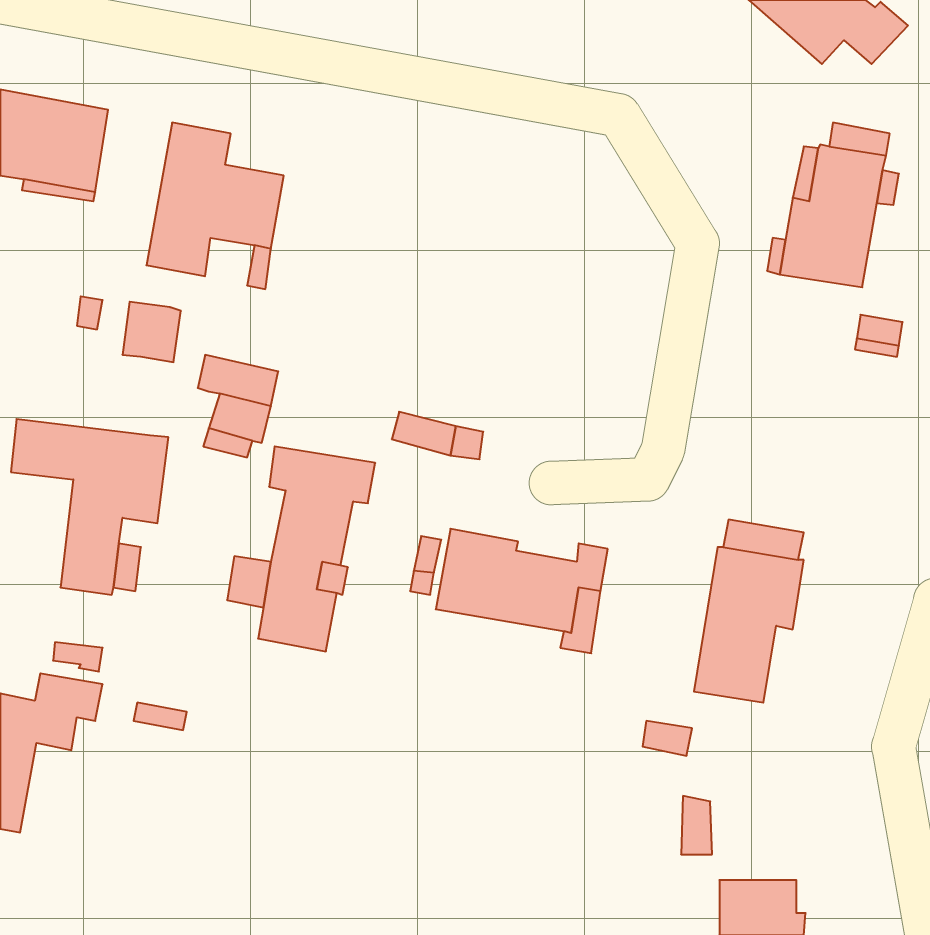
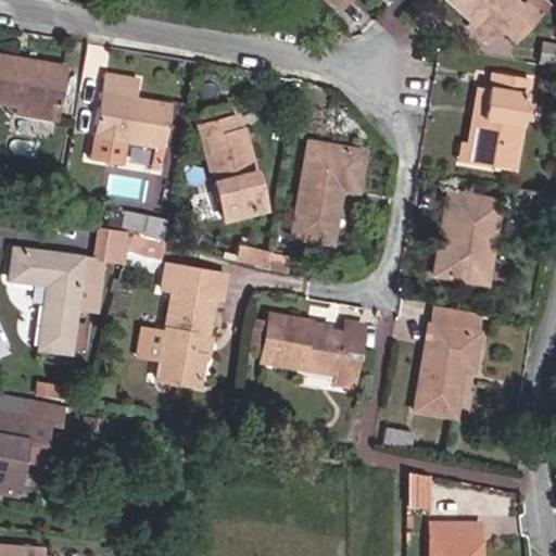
building: none -> [200,117,268,219]
building: none -> [292,141,365,244]
building: [122,302,181,362] -> [92,227,127,263]
building: none -> [433,191,501,285]

